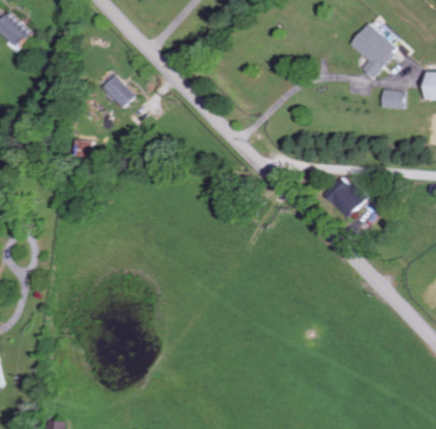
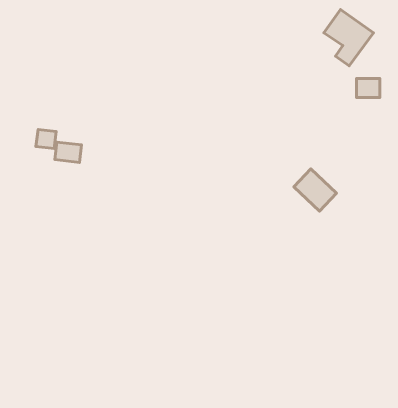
building: [103,74,135,108] -> none
building: none -> [55,142,82,162]

